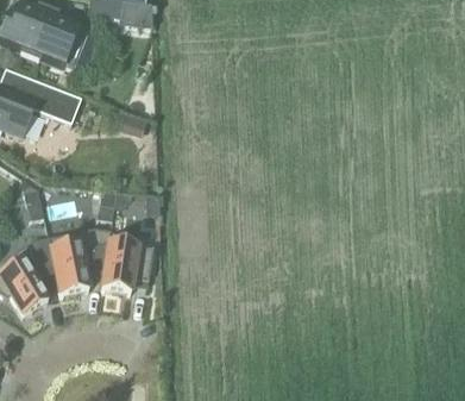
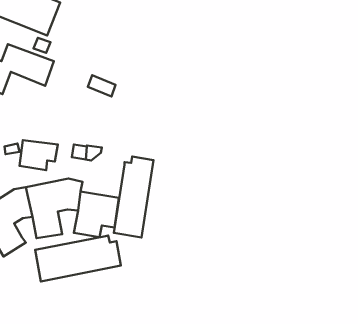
building: none -> [114,156,153,237]
building: none -> [35,235,121,282]

